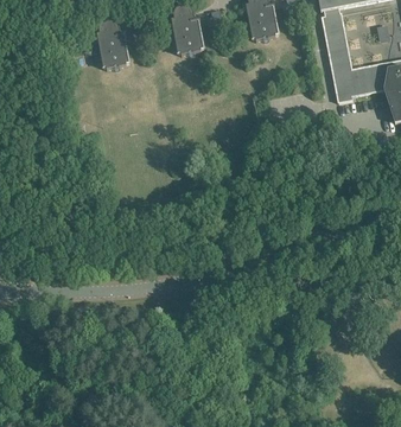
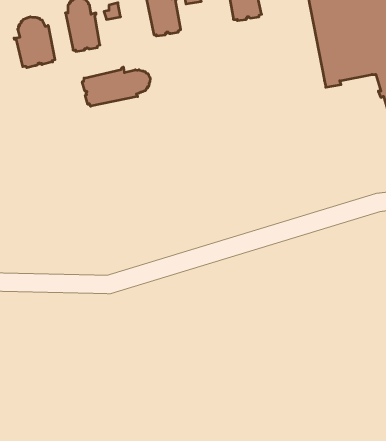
building: none -> [14,17,55,68]
building: none -> [82,67,150,106]

